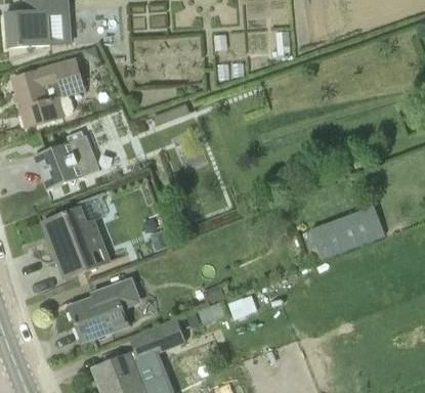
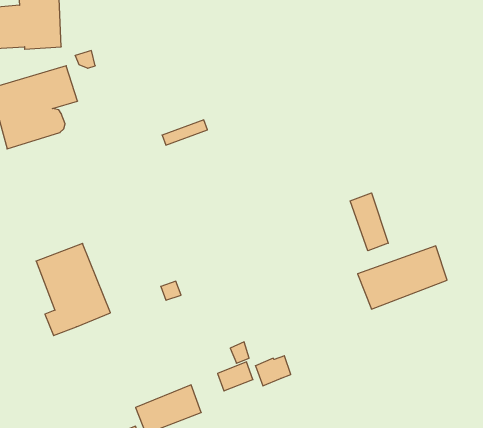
building: [33,135,98,190] -> none
building: none -> [350,193,388,251]
building: [66,276,139,342] -> none

